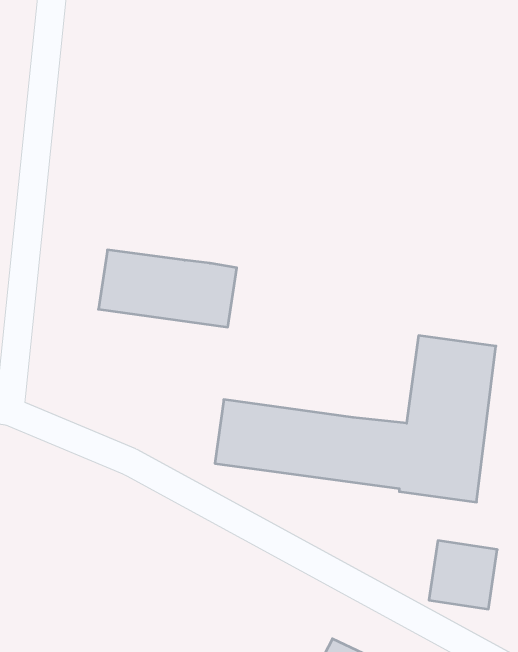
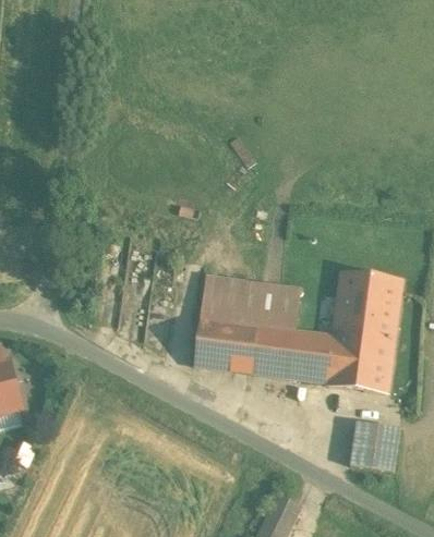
building: [98,250,237,327] -> [200,274,301,331]

